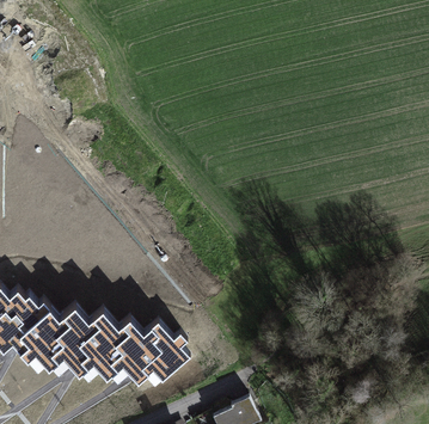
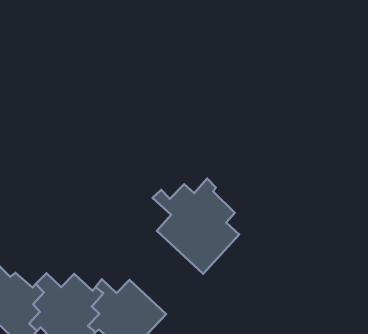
building: none -> [153,178,239,274]

